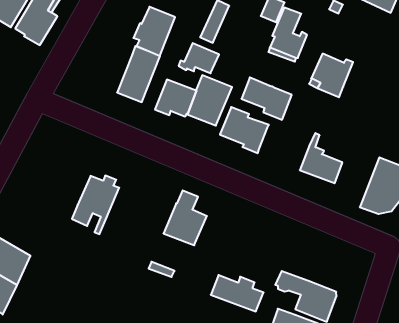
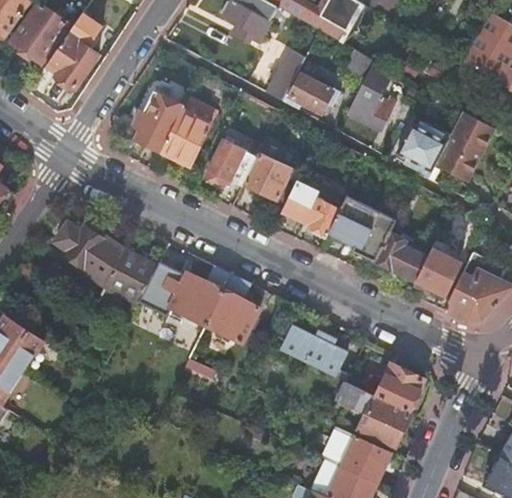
building: [133,7,175,56] -> [132,91,184,151]
building: none -> [435,110,494,177]
building: [179,43,219,73] -> [282,74,332,112]
building: [241,77,292,120] -> [328,207,389,261]
building: none -> [412,239,462,294]
building: none -> [53,222,122,283]
building: none -> [138,261,232,325]
building: none -> [375,363,423,411]
building: [211,275,264,311] -> [280,327,344,374]

